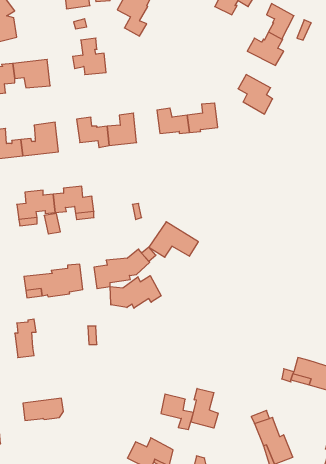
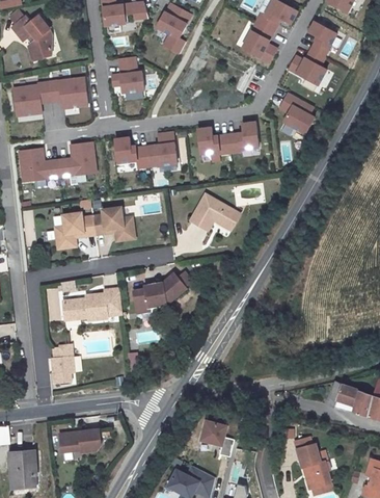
building: none -> [242,24,276,62]
building: [149,222,198,257] -> [186,200,237,236]
building: [110,276,161,308] -> none
building: [191,388,218,428] -> none

